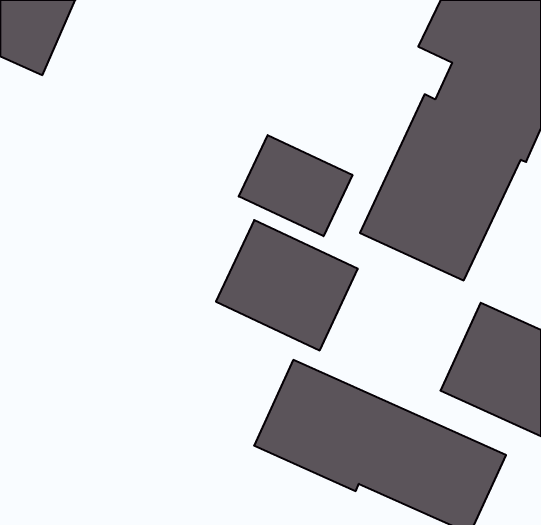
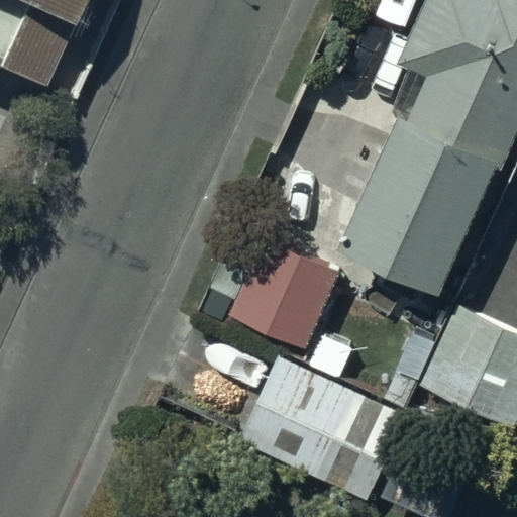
building: [239,135,352,236] -> none

